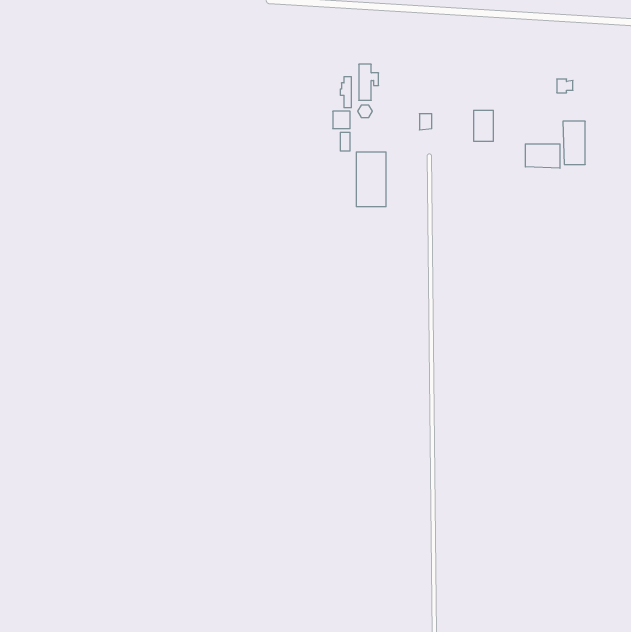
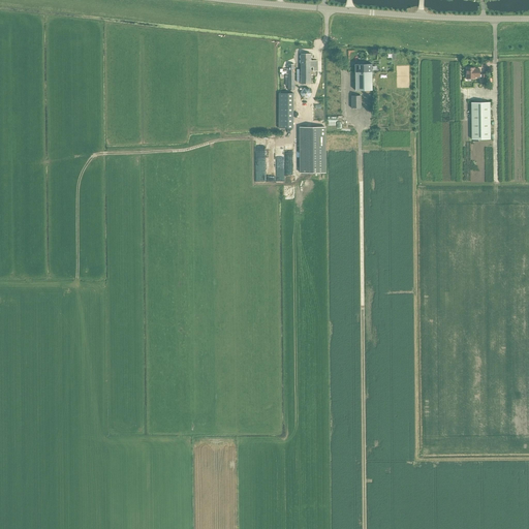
building: [474,110,493,141] -> [354,64,371,90]
building: [525,144,560,168] -> none

